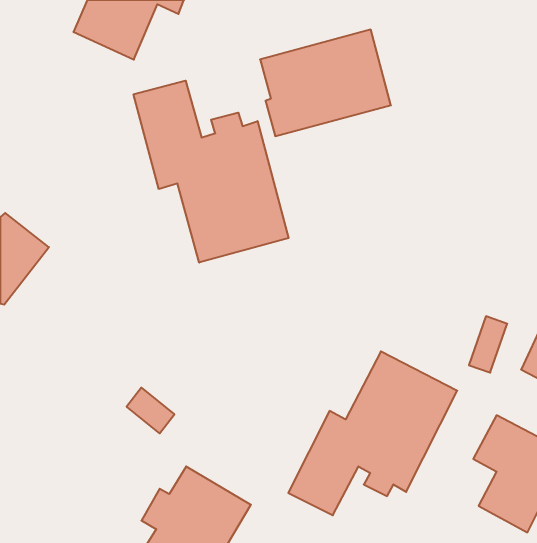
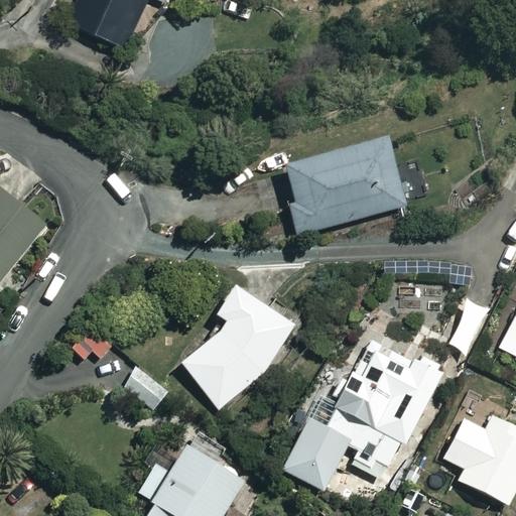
building: [260,30,391,136] -> [283,135,407,236]
building: [134,81,289,263] -> none
building: none -> [178,281,298,407]

